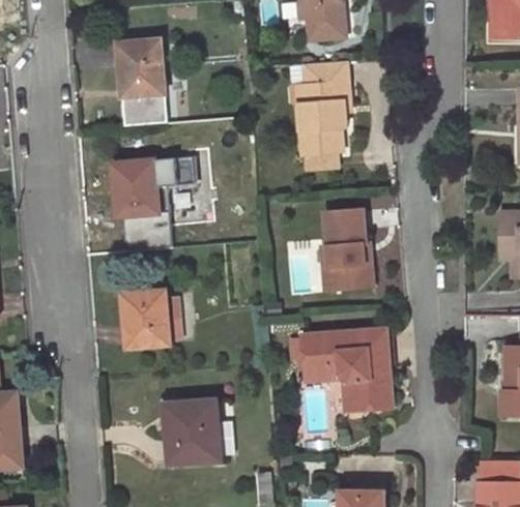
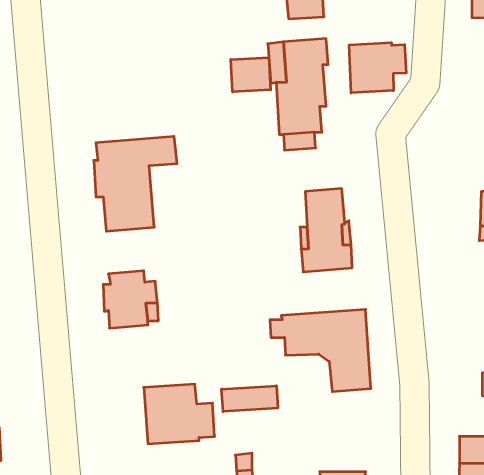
building: [119,39,167,125] -> none
building: none -> [349,43,406,93]
building: none -> [231,57,271,92]
building: none -> [222,386,278,412]

